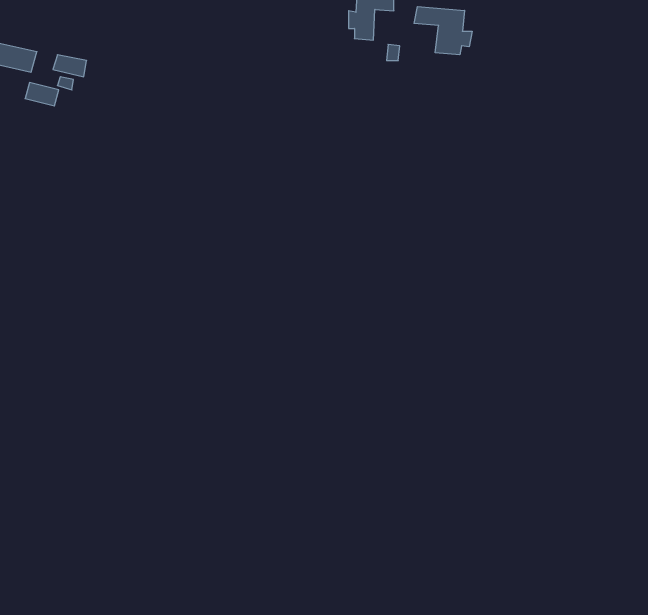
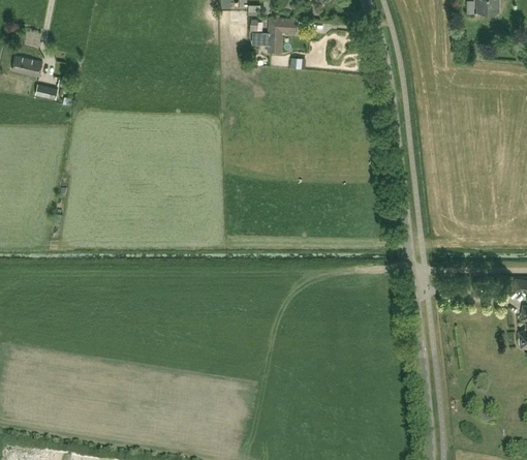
building: [414,7,472,55] -> none

